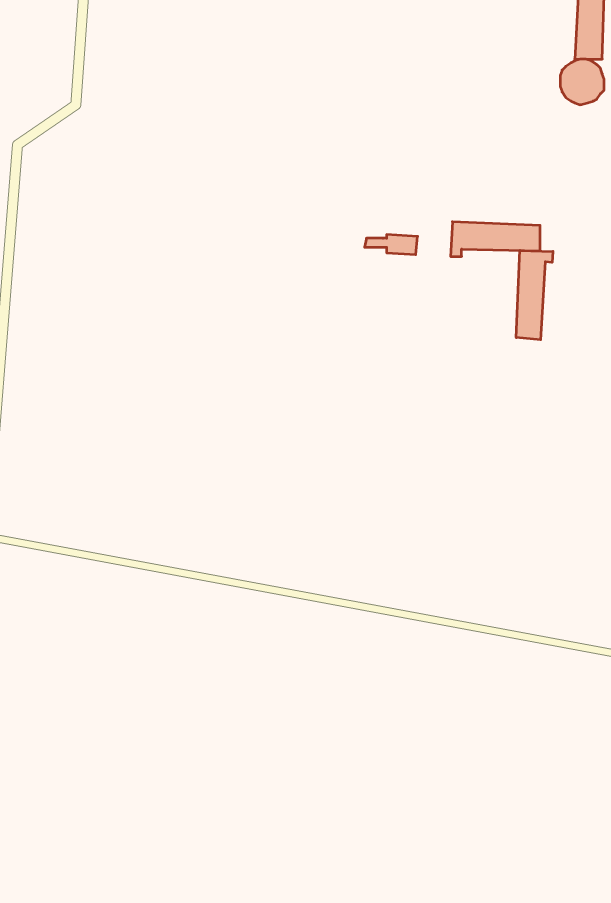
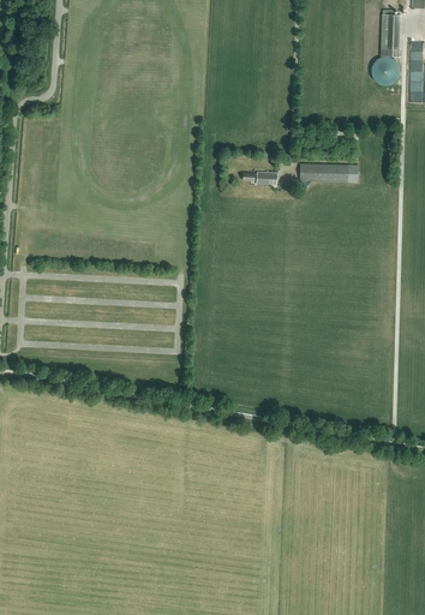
building: [516,250,553,340] -> none

